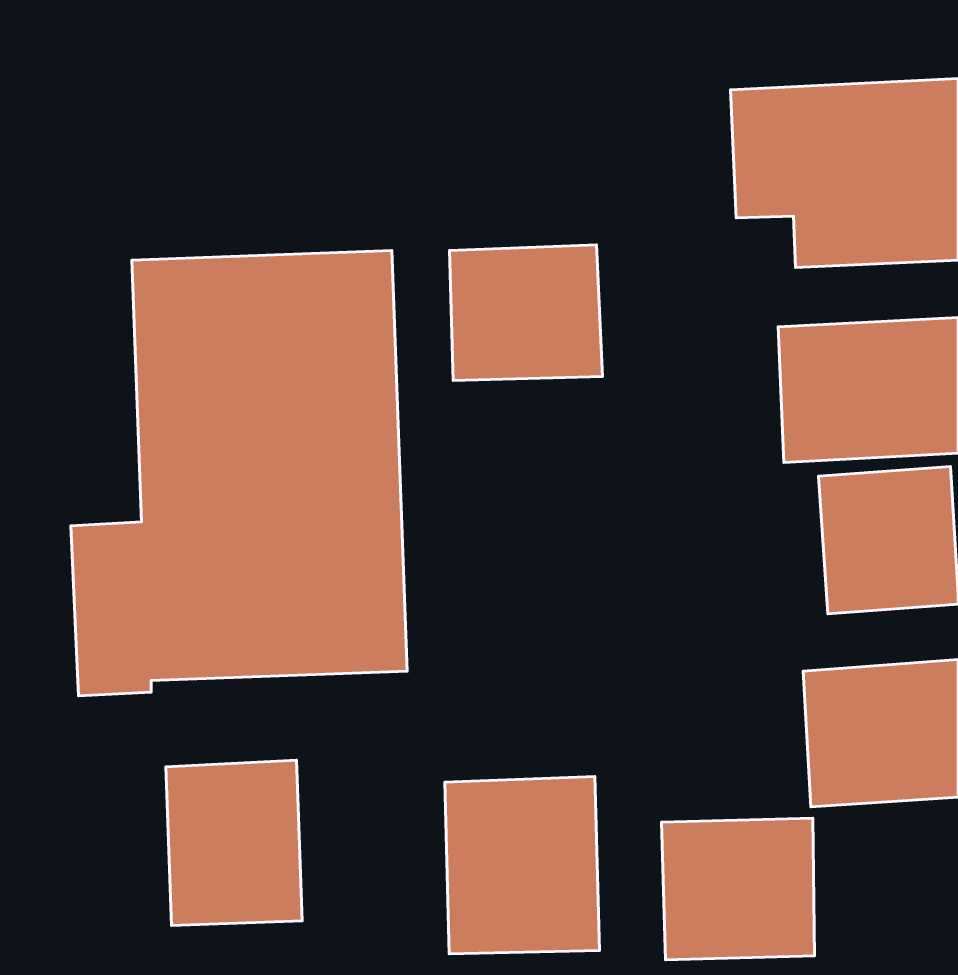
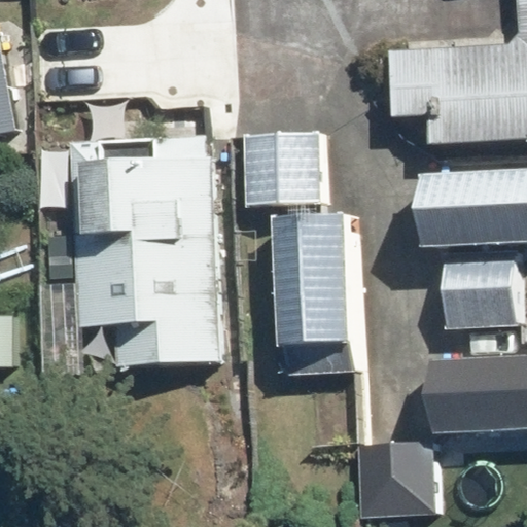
building: none -> [275,215,352,348]
building: [166,760,302,925] -> none
building: [445,776,599,954] -> none

